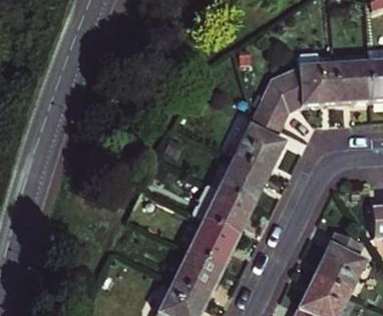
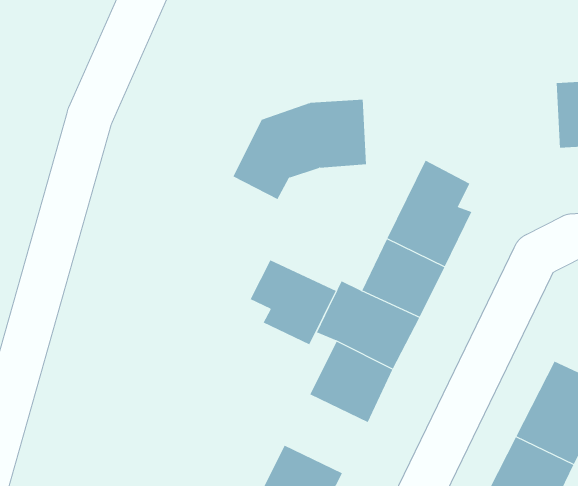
building: [259,62,339,122] -> [233,99,367,200]
building: none -> [250,260,336,345]
building: [174,249,225,296] -> none

